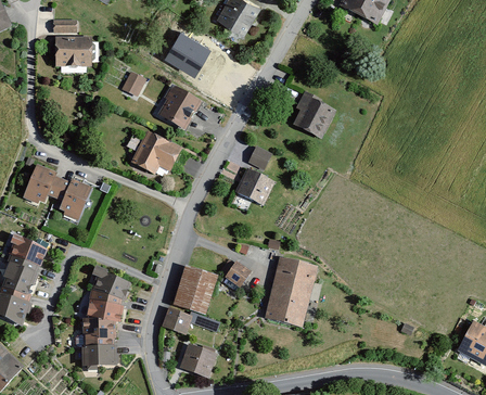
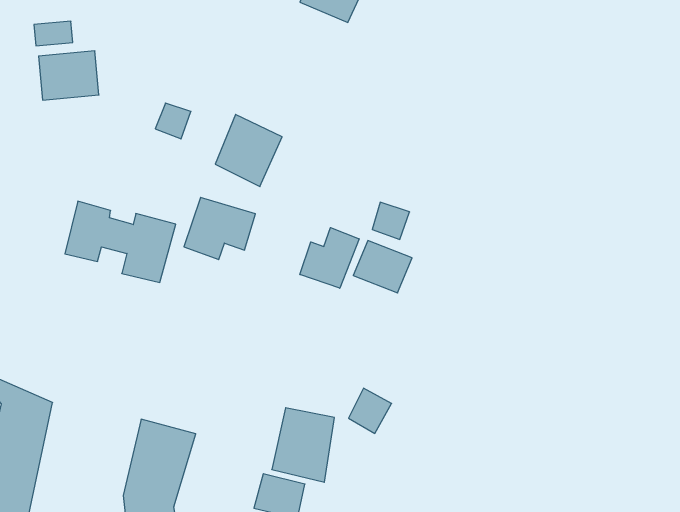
building: [166,33,209,75] -> none
building: [293,91,338,141] -> none
building: none -> [300,228,359,288]
building: [24,167,93,221] -> [65,201,176,282]
building: [266,259,316,323] -> none

